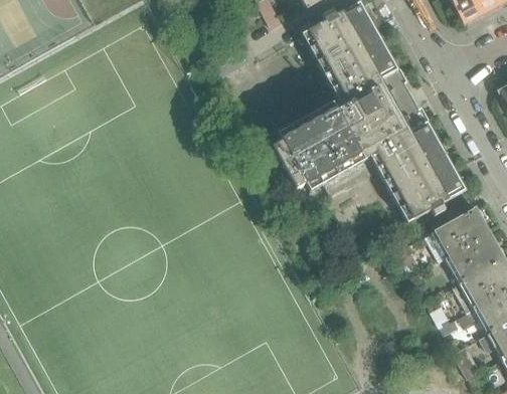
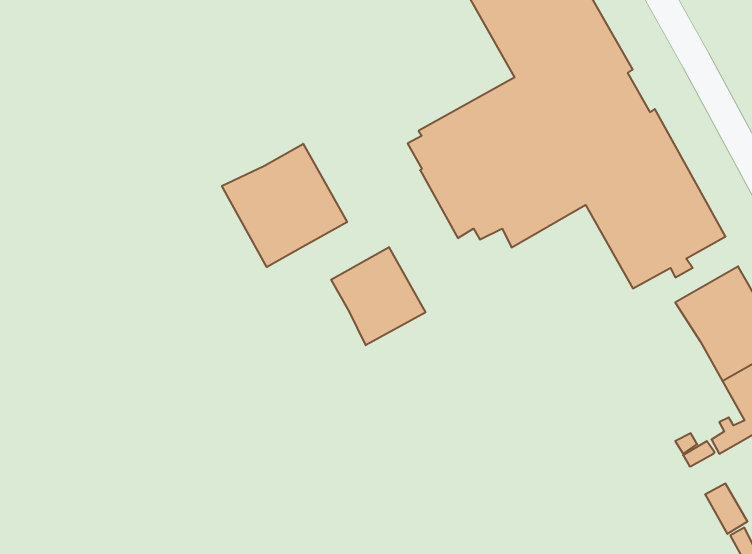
building: none -> [222,144,347,267]
building: none -> [331,247,425,345]

